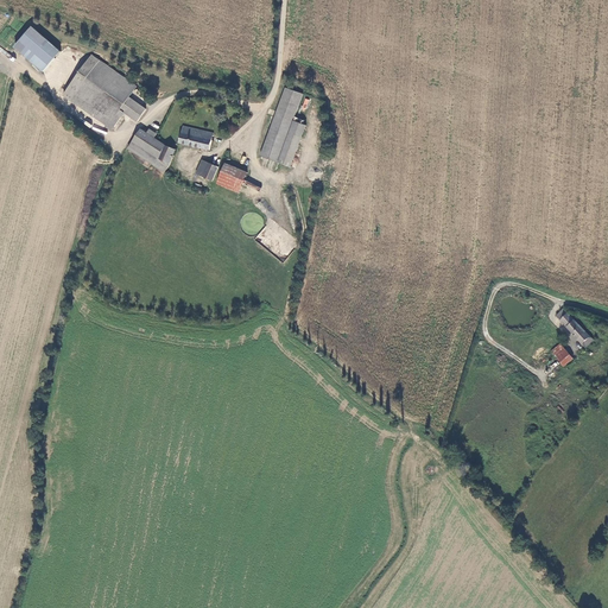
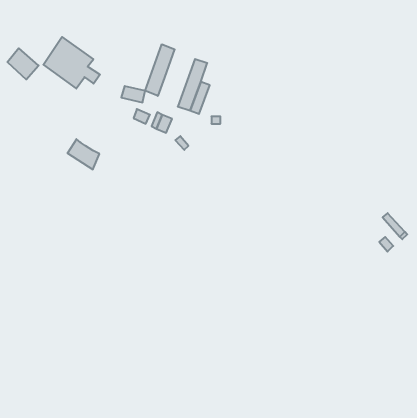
building: [14,27,59,72] -> [7,48,39,79]
building: none -> [145,44,175,96]
building: [127,128,173,172] -> [67,139,99,169]

